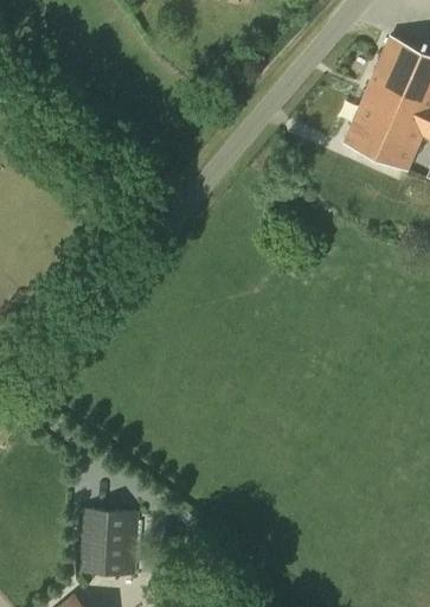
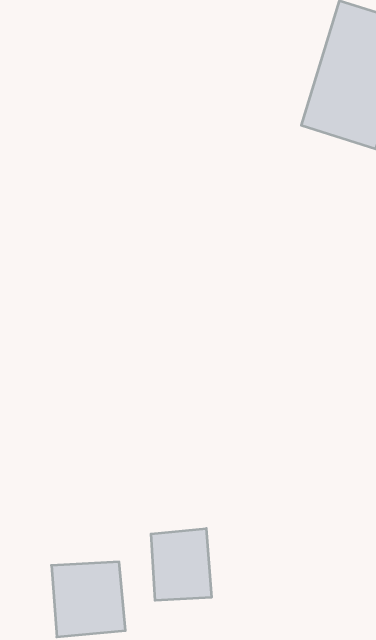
building: none -> [151,528,211,600]

